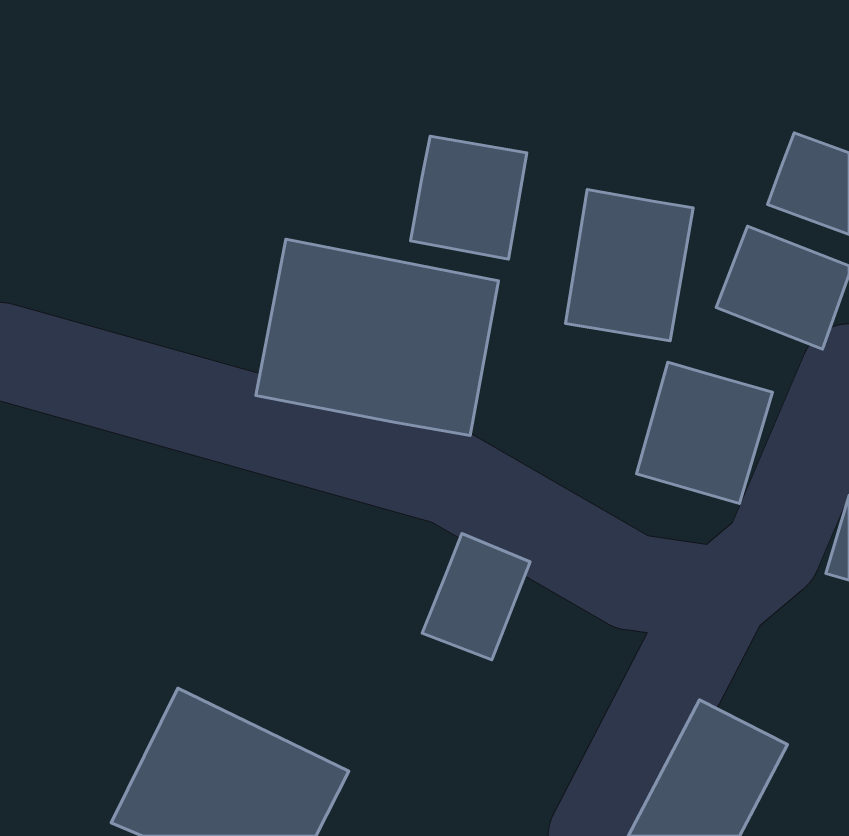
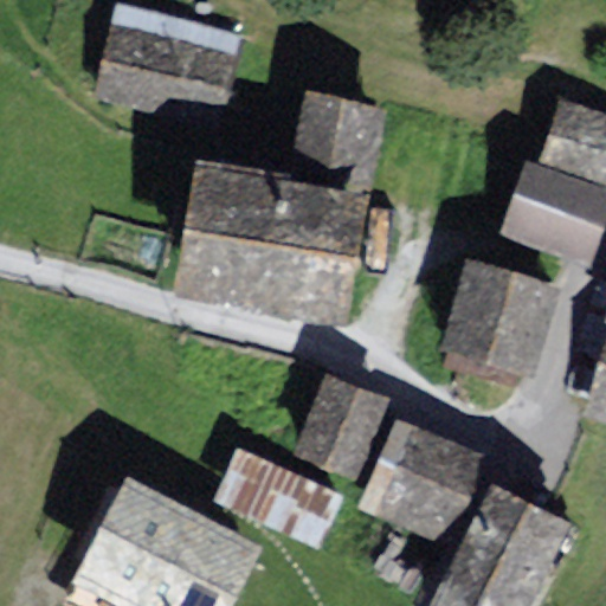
building: none -> [102,21,231,110]
building: [566,190,693,341] -> none
building: none -> [363,421,476,534]
building: none -> [218,450,333,536]

